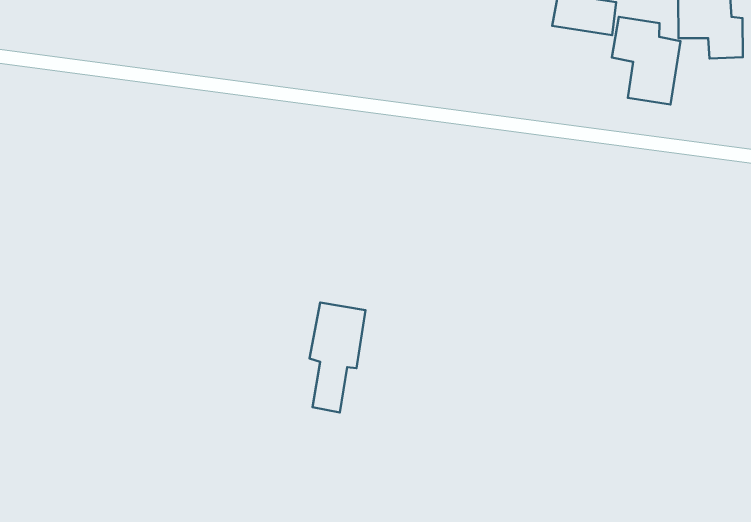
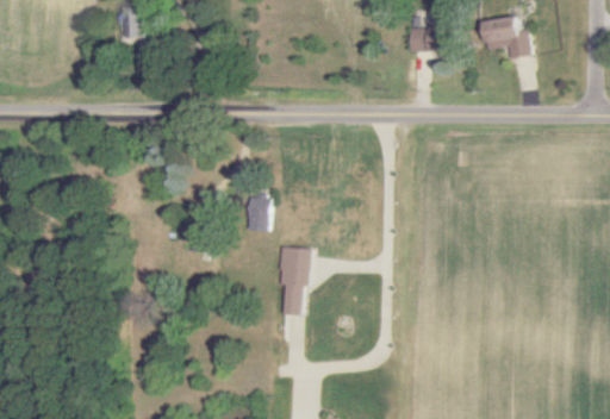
building: [612,17,680,104] -> none
building: none -> [244,195,267,230]

